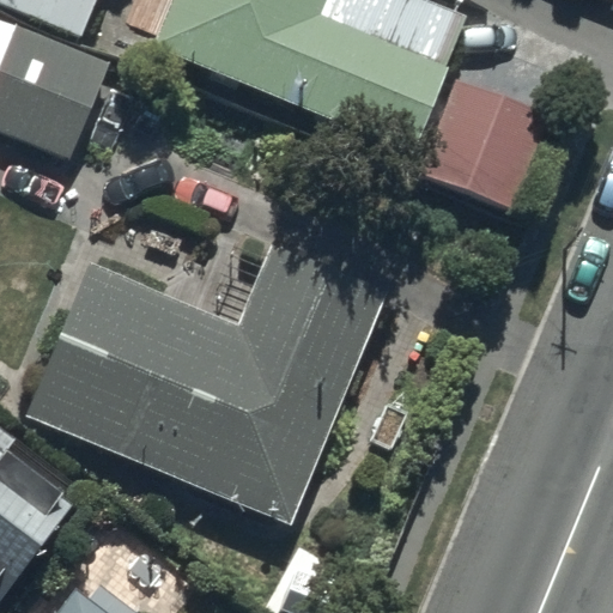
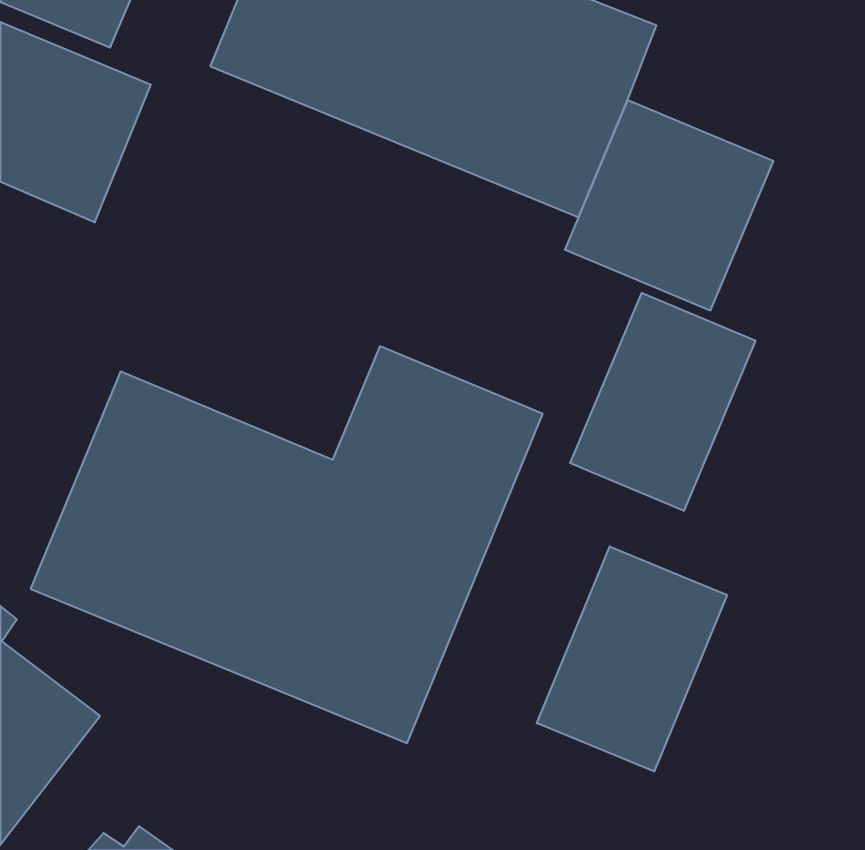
building: none -> [570,293,756,511]
building: none -> [537,546,727,772]

